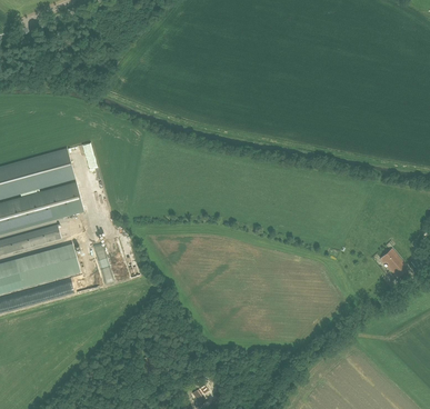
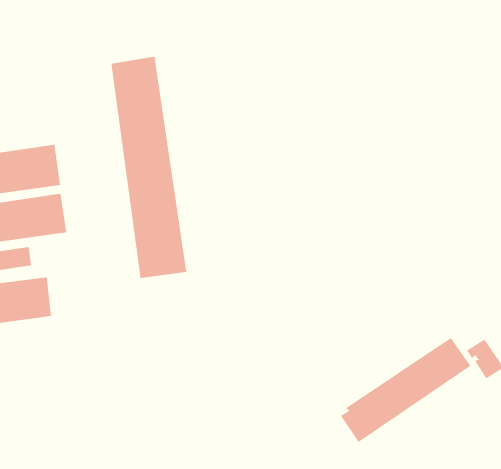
building: none -> [111,56,187,279]
building: none -> [340,337,471,443]

